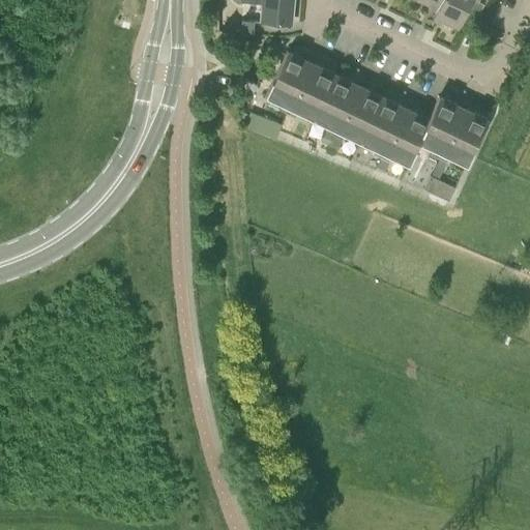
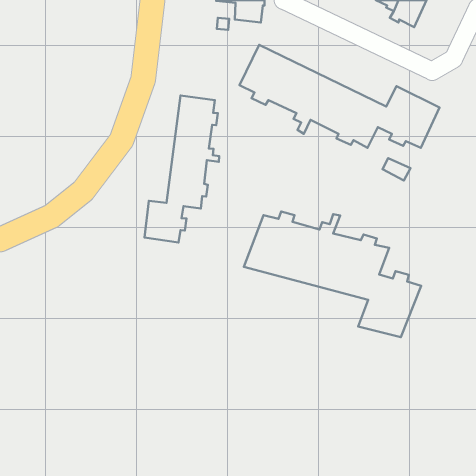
building: none -> [145,96,219,243]
building: none -> [244,211,421,337]

